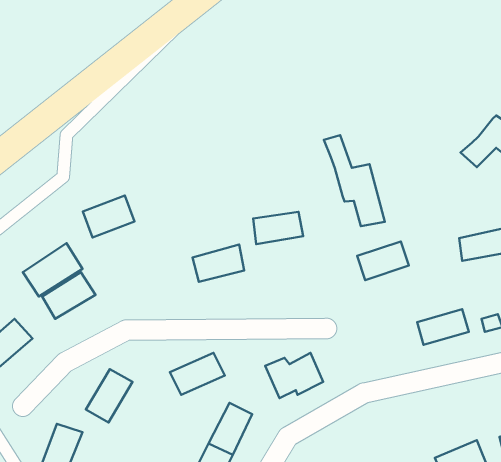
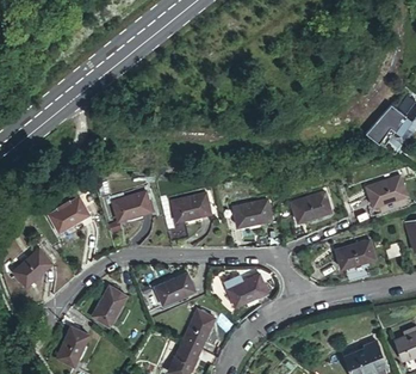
building: [324,135,385,226] -> none
building: [83,195,135,237] -> [113,192,151,223]
building: [253,212,303,244] -> [234,203,271,227]

